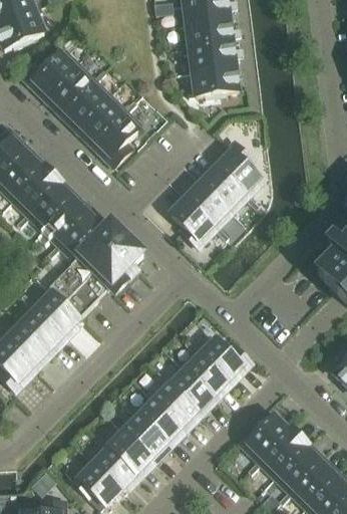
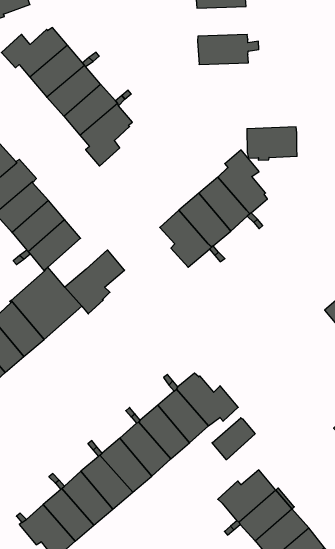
building: [188,17,241,46] -> none
building: [194,65,239,96] -> [247,127,297,160]
building: [78,221,128,271] -> none
building: none -> [212,418,255,460]

